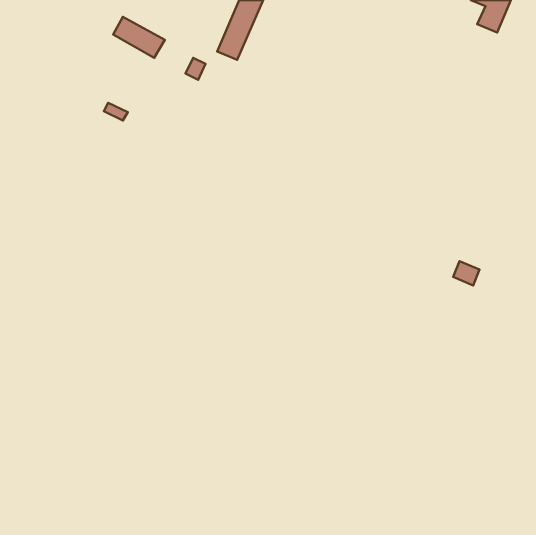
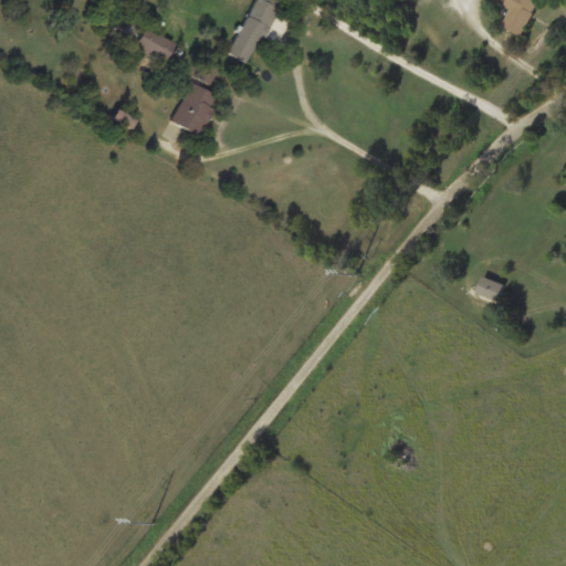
building: none -> [170,82,219,136]

